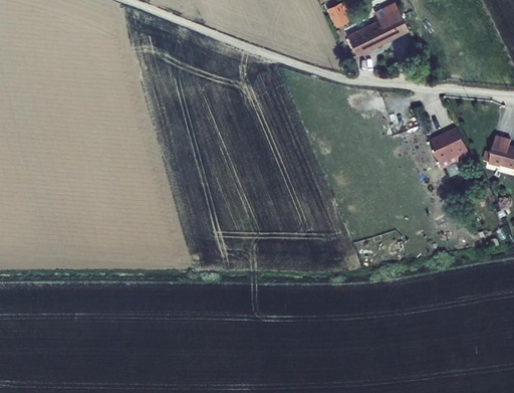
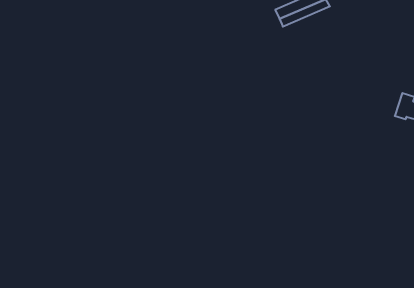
building: [428,126,469,159] -> none

